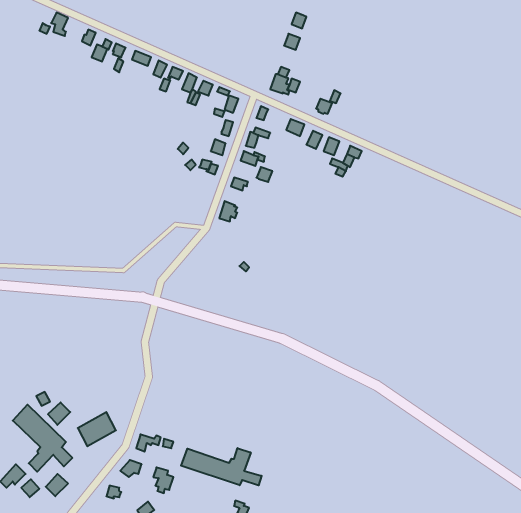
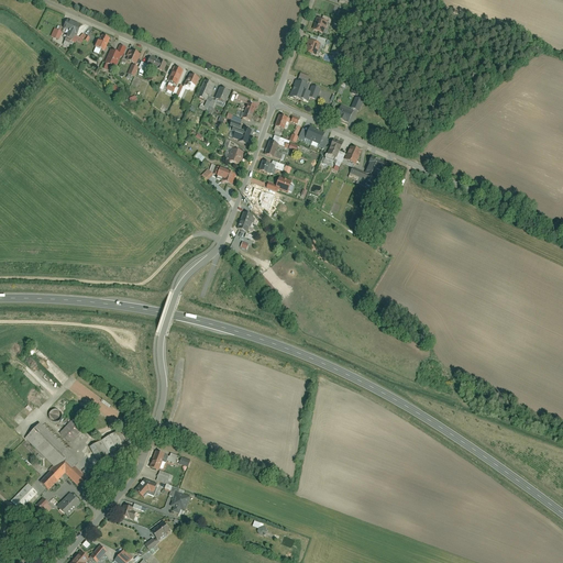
building: [181,448,262,485] -> none

